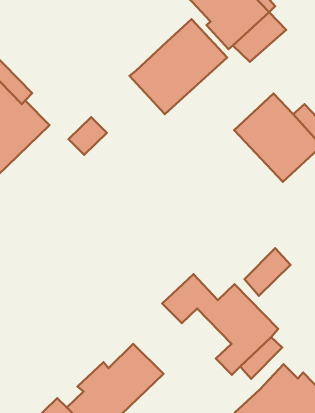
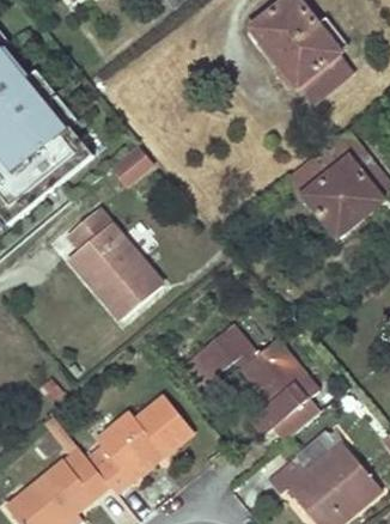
building: [129,19,227,114] -> none
building: none -> [67,208,160,318]
building: [245,248,290,296] -> none

